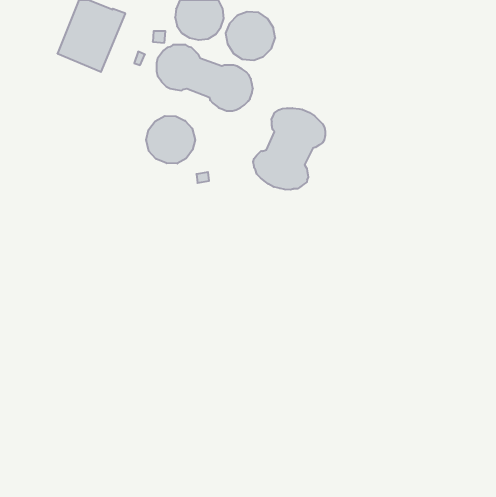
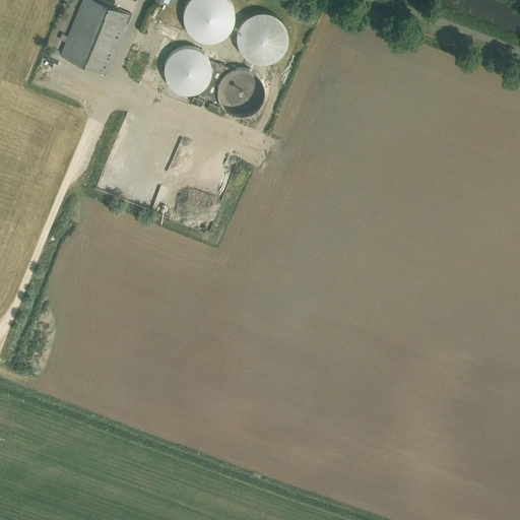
building: [253,108,325,190] -> none
building: [146,116,195,164] -> none

